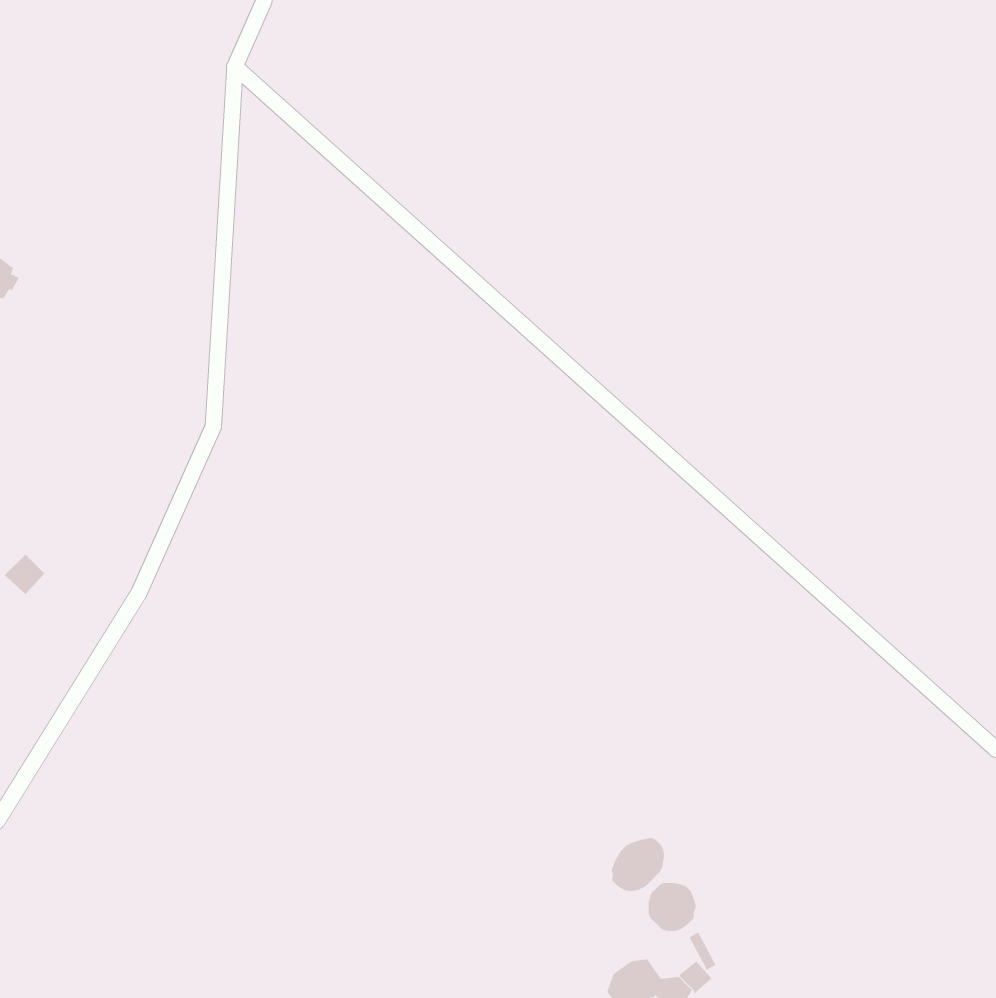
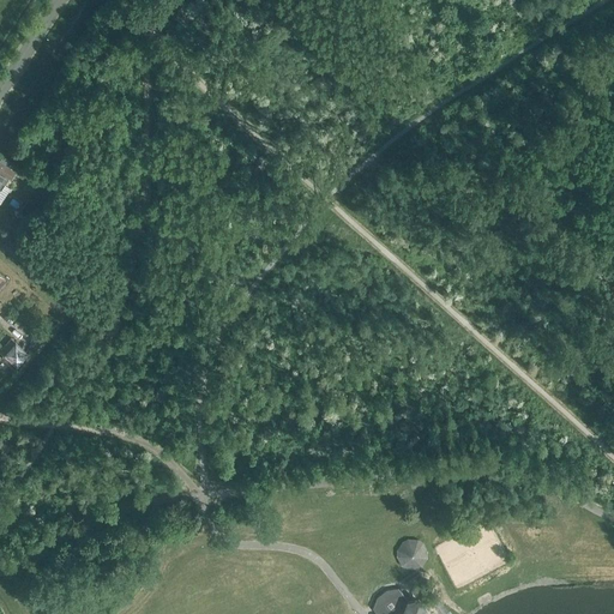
building: [611,837,665,892] -> none

